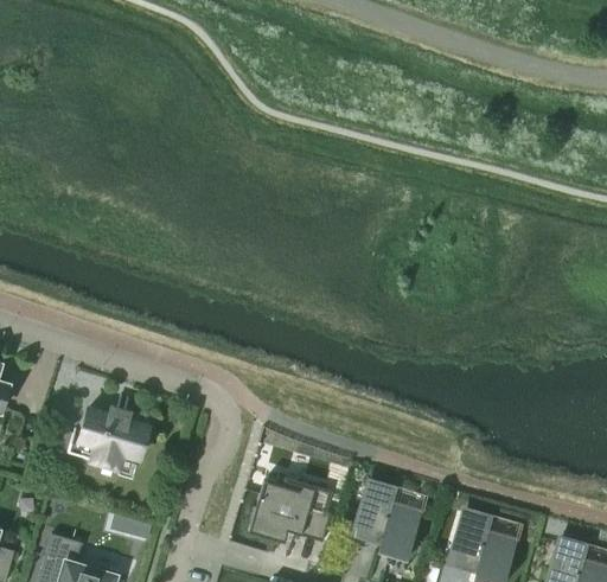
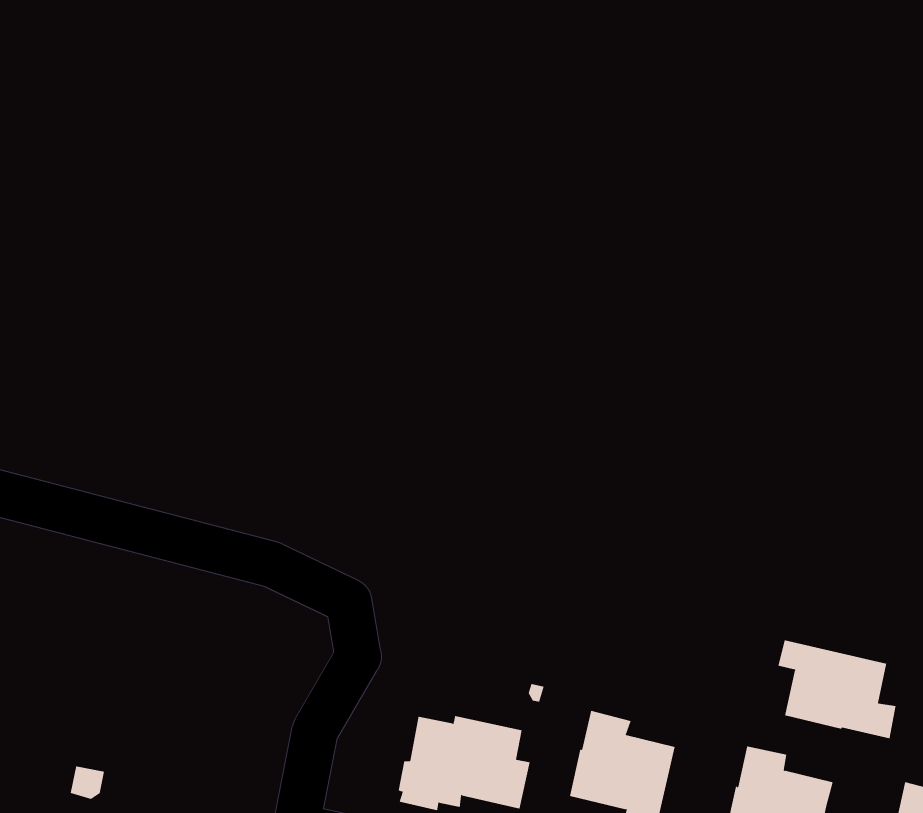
building: [69,394,149,466] -> none
building: none -> [778,639,896,739]

